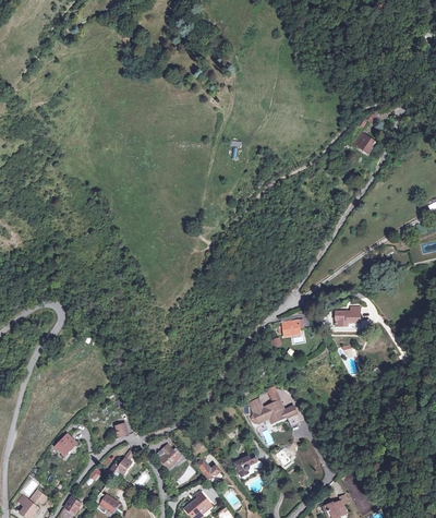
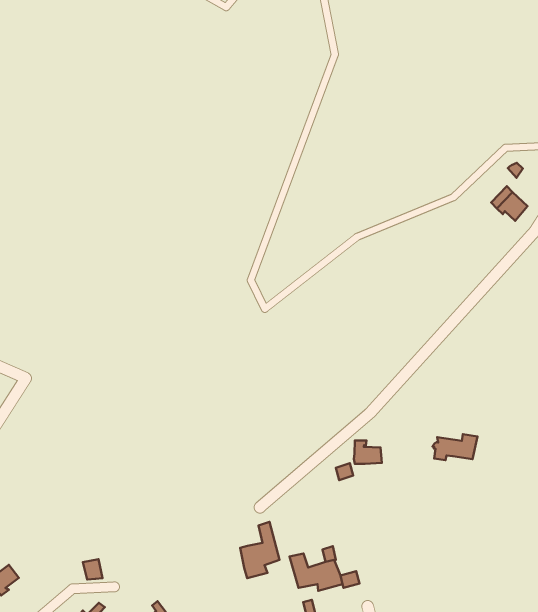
building: none -> [240,522,279,578]

